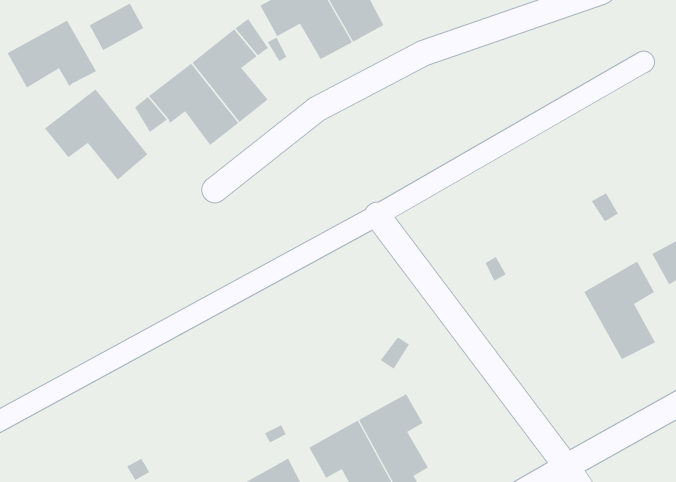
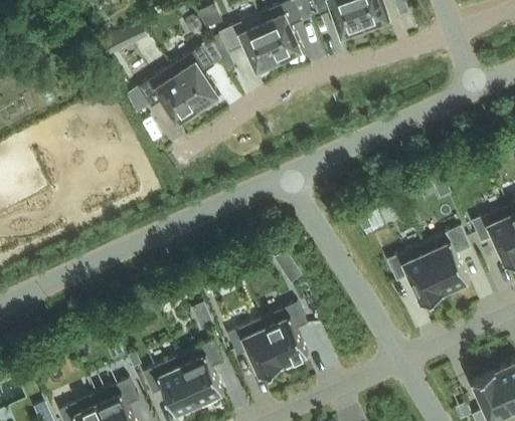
building: [7,20,97,88] -> none
building: [44,88,148,181] -> none
building: none -> [387,244,446,304]

